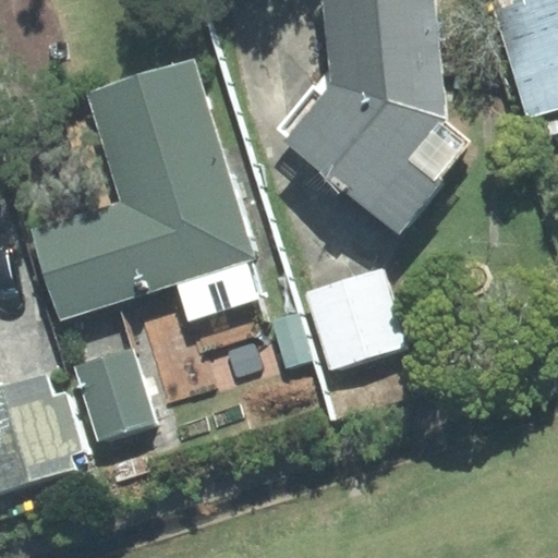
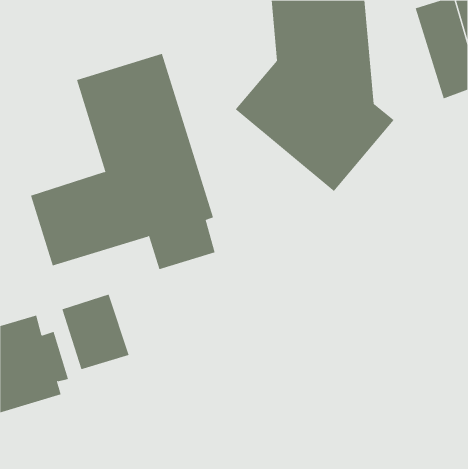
building: [305,269,408,369] -> none

